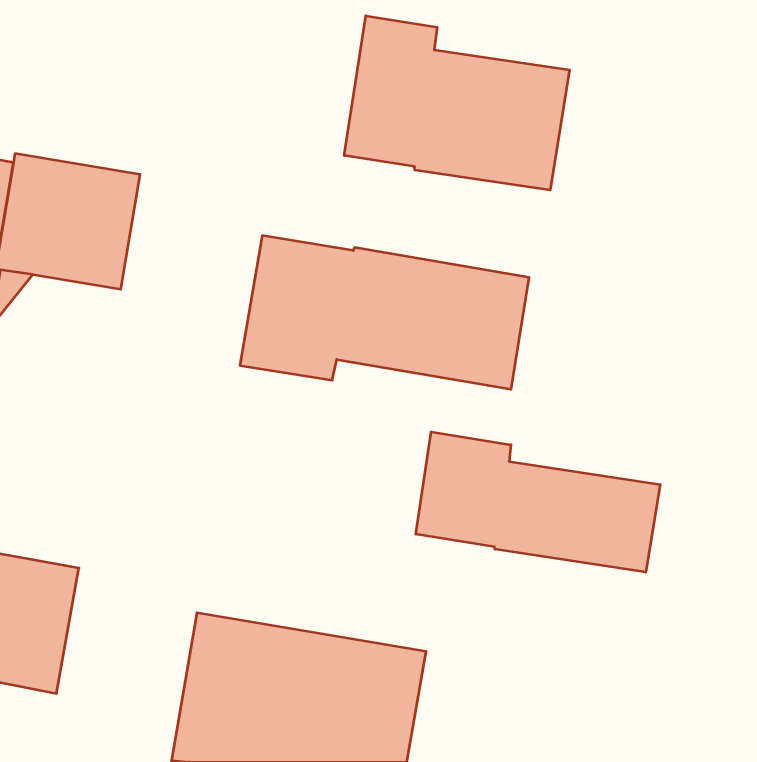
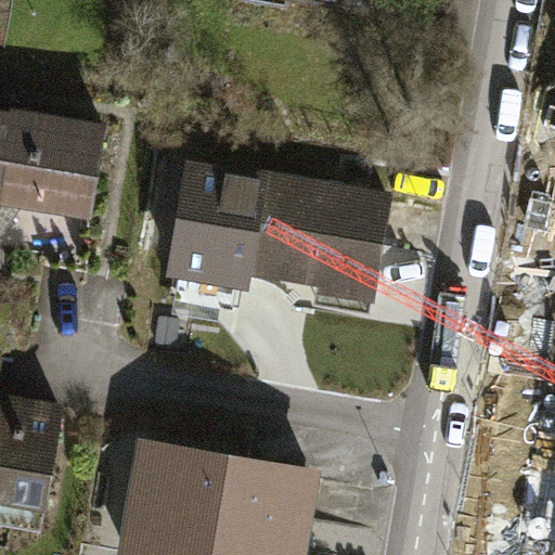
building: [344,16,570,190] -> none
building: [416,432,660,572] -> none

